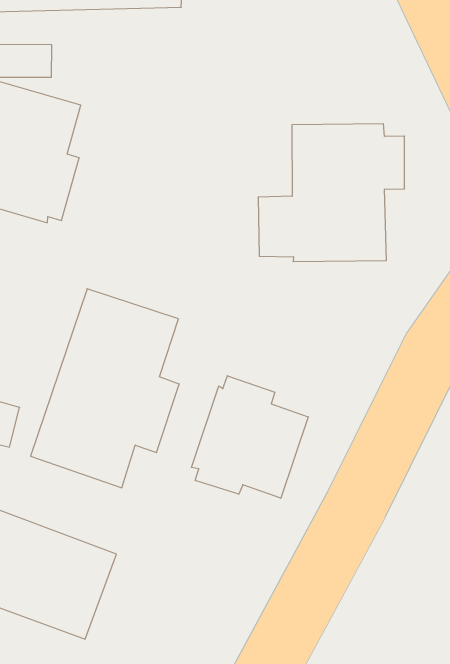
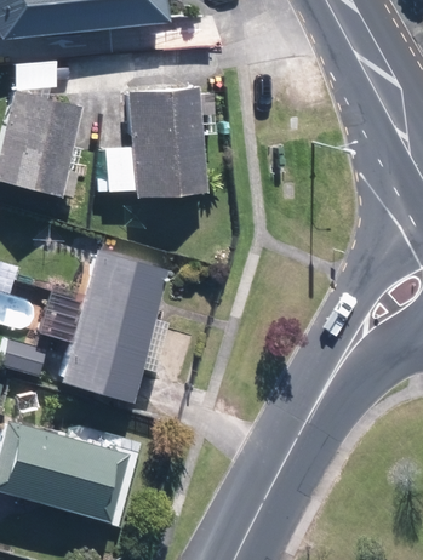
building: [258,124,405,261] -> [103,85,217,196]
building: [191,376,308,498] -> none

